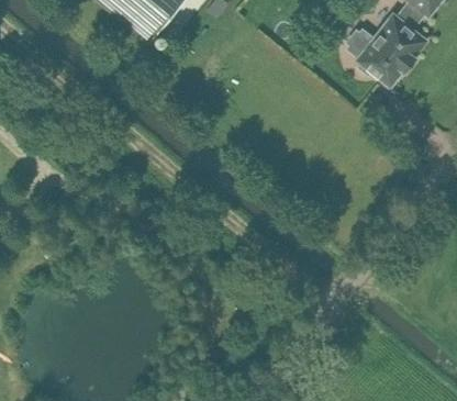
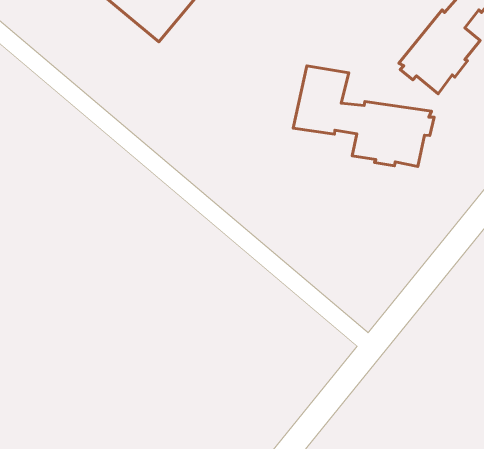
building: none -> [293,66,434,166]

